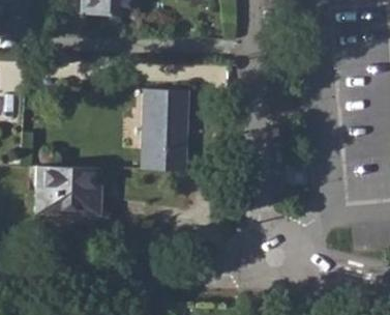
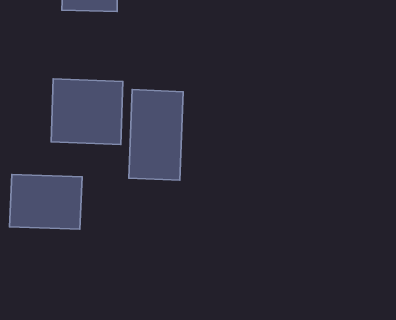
building: none -> [51,79,123,144]

